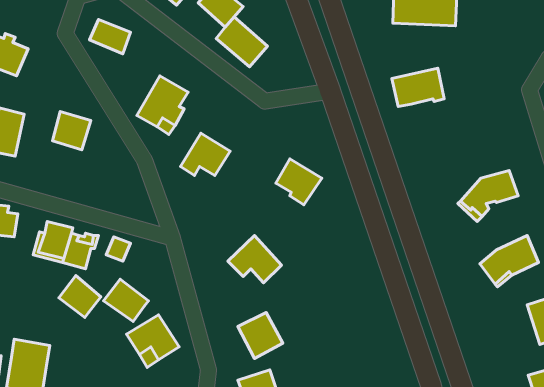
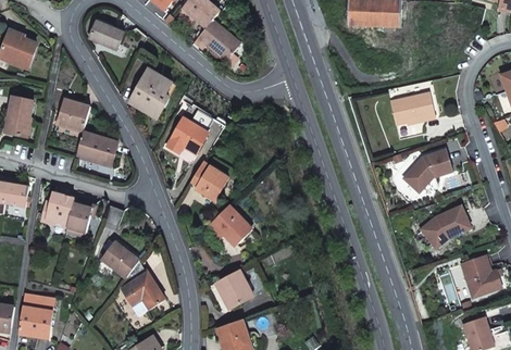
building: [392,68,444,107] -> [390,91,435,124]
building: none -> [76,132,119,164]
building: [276,159,322,205] -> [190,161,229,200]
building: [59,275,101,318] -> none

